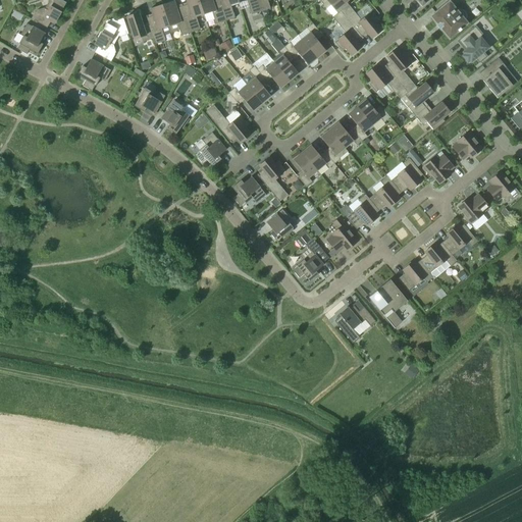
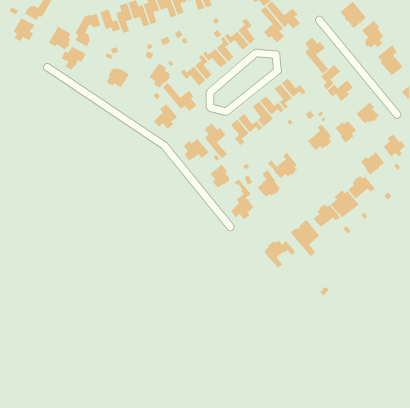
building: none -> [48,26,71,51]
building: [366,63,410,101] -> none
building: [161,99,190,133] -> [149,62,171,89]
building: [368,175,401,210] -> none

